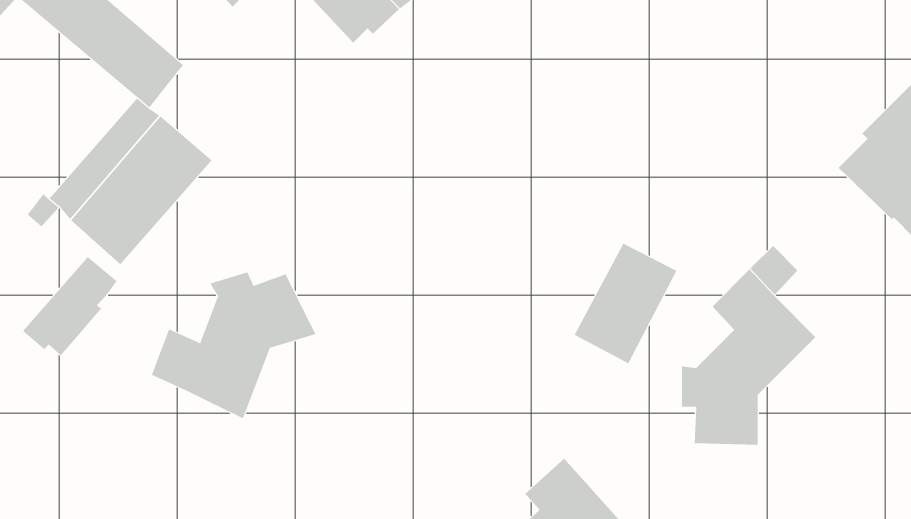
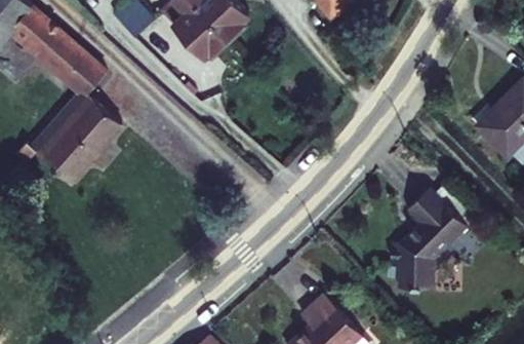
building: [574,243,677,364] -> none
building: [22,256,118,356] -> none
building: [151,272,316,419] -> none

